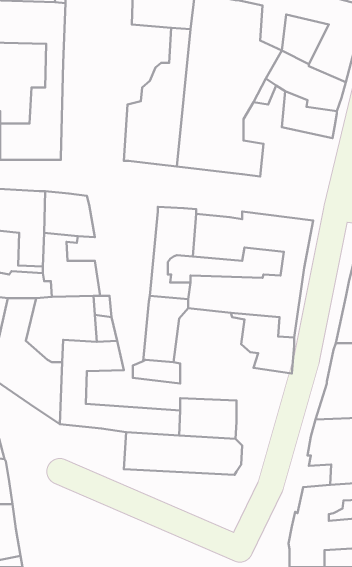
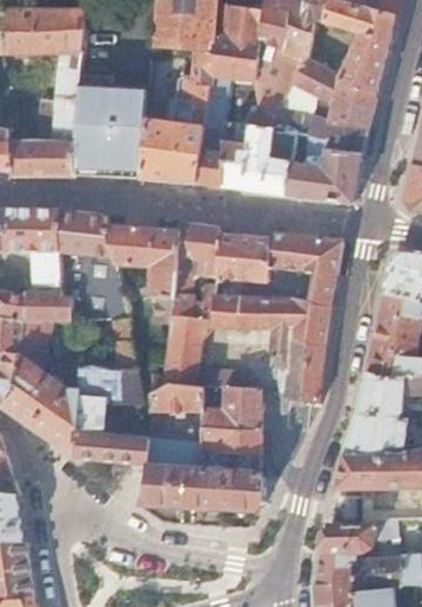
building: none -> [77,75,148,178]
building: none -> [287,142,363,204]
building: none -> [107,224,179,326]
building: none -> [203,390,263,430]

